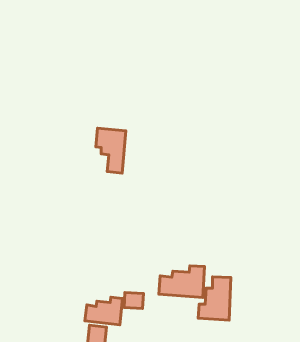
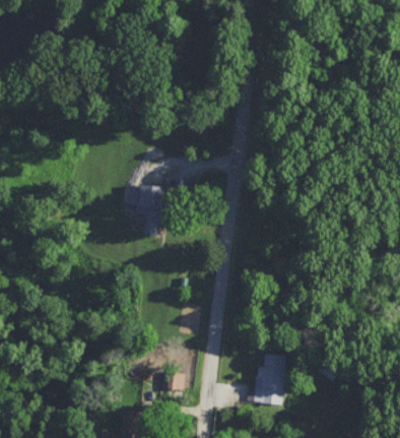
building: [159,266,205,297] -> none
building: [85,297,123,325] -> none

